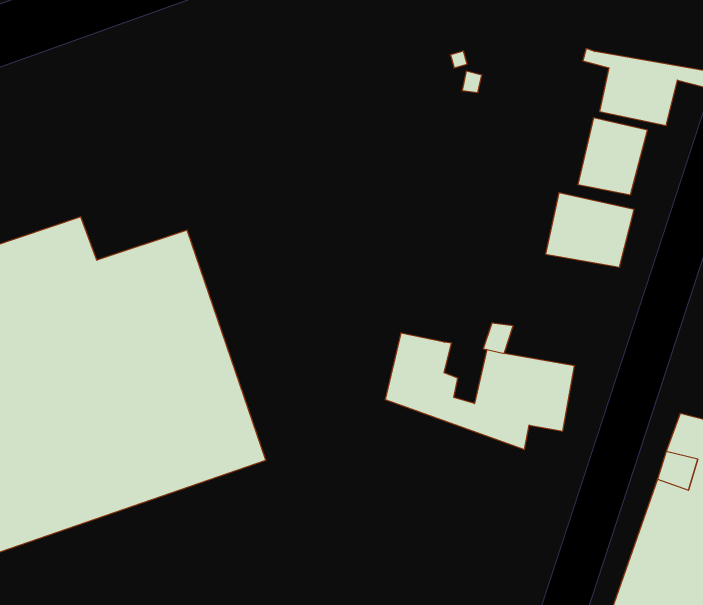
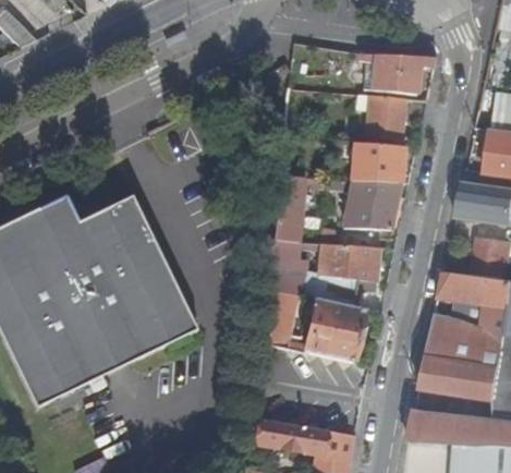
building: none -> [270,173,305,242]
building: none -> [341,181,405,230]
building: none -> [259,286,366,362]

